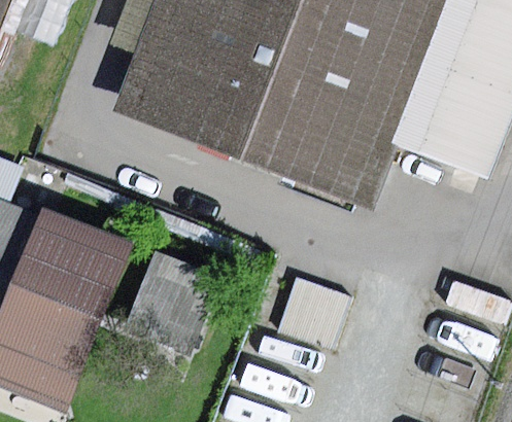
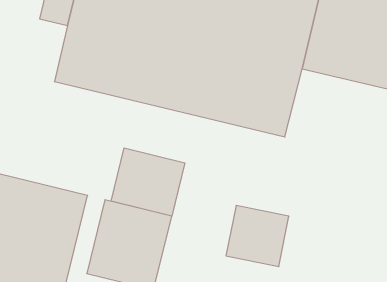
building: none -> [111,148,185,216]

